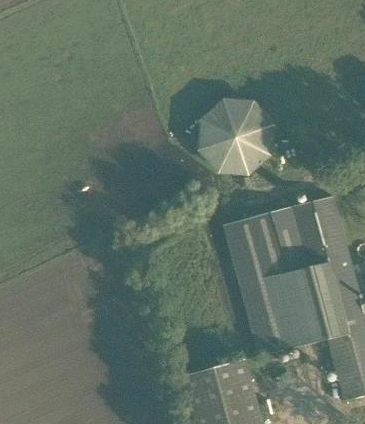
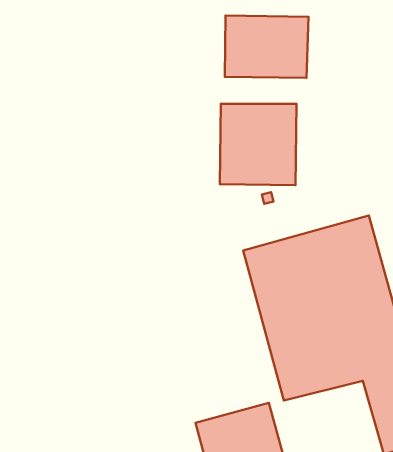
building: none -> [225,16,308,78]

